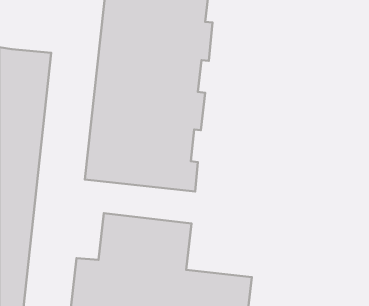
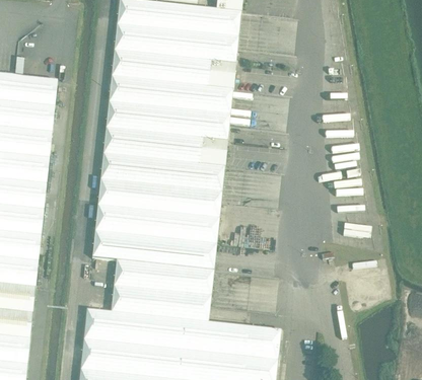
building: none -> [92,224,218,273]

